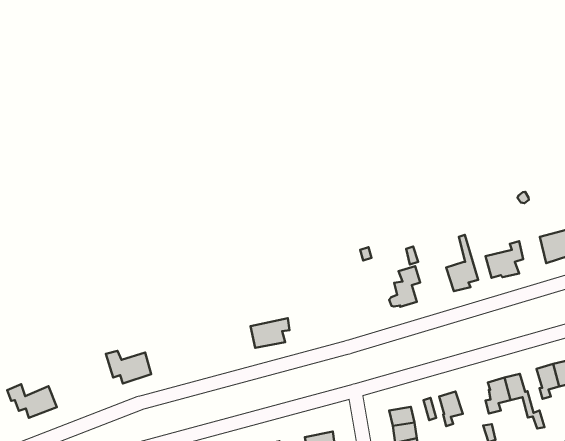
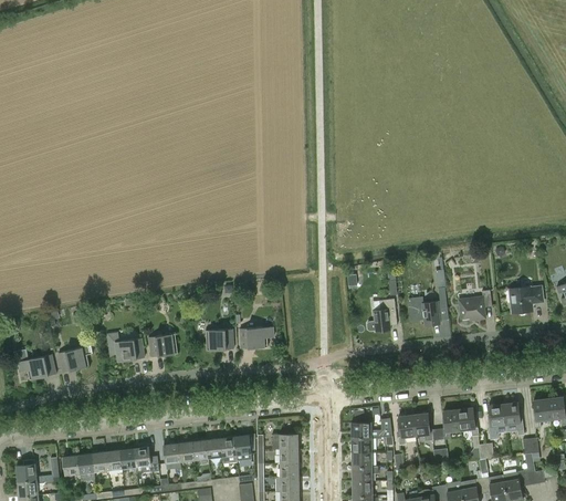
building: none -> [205,328,233,349]
building: none -> [148,333,177,357]
building: none -> [59,340,93,372]
building: none -> [412,413,439,441]

